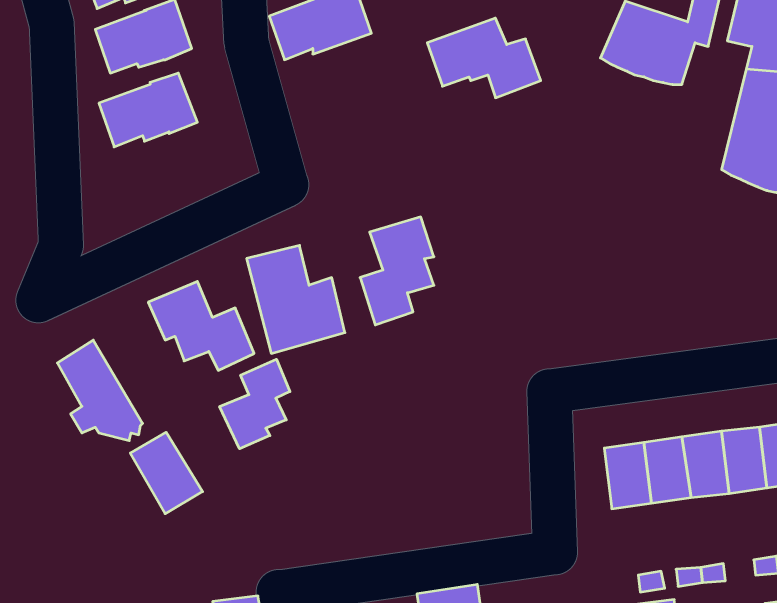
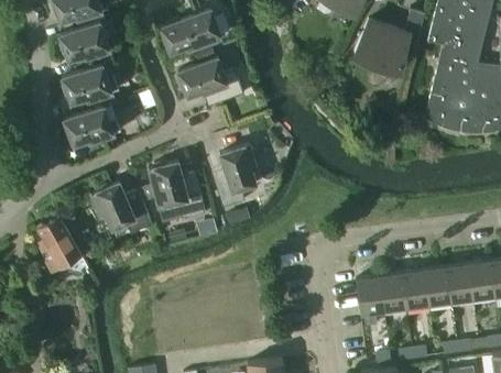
building: [427,18,541,98] -> [177,57,243,103]
building: none -> [64,101,120,145]
building: [220,359,290,449] -> none
building: [130,432,203,514] -> none

